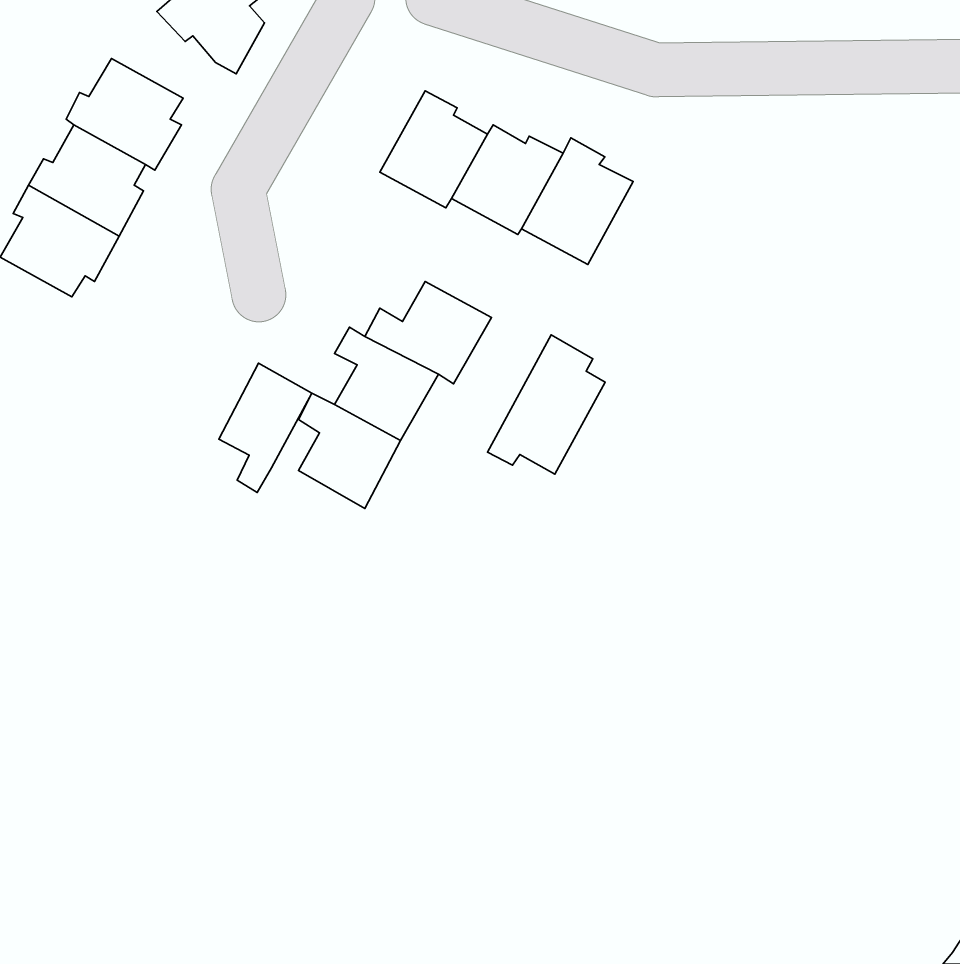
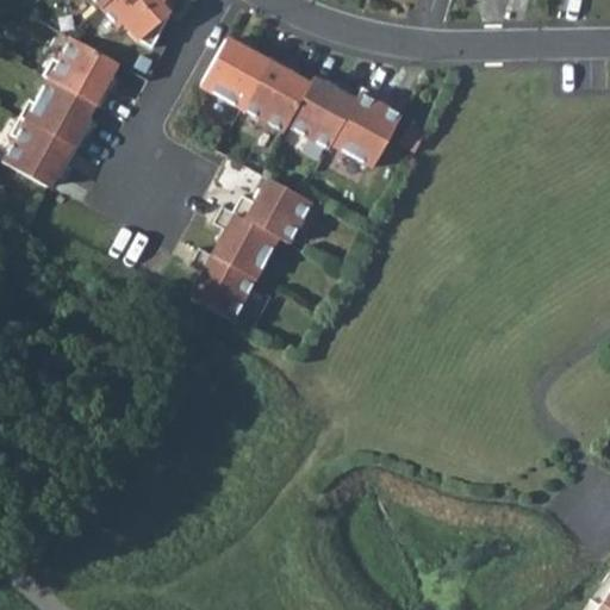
building: none -> [201,38,272,108]
building: [488,335,605,474] -> none
building: [219,363,312,493] -> none

